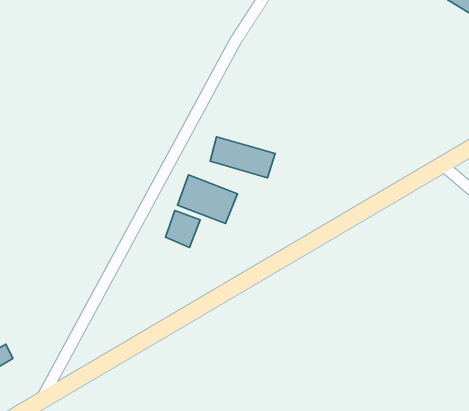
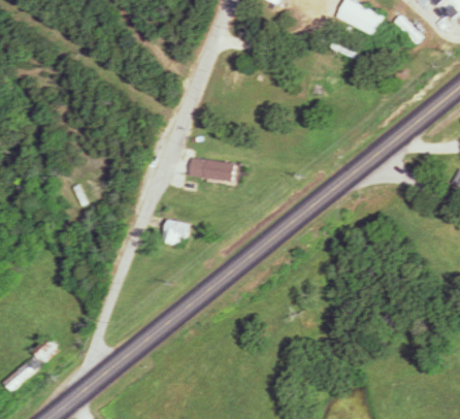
building: [177,175,238,223] -> none

